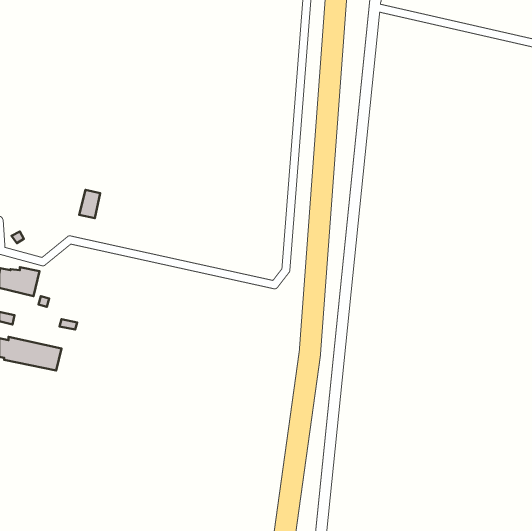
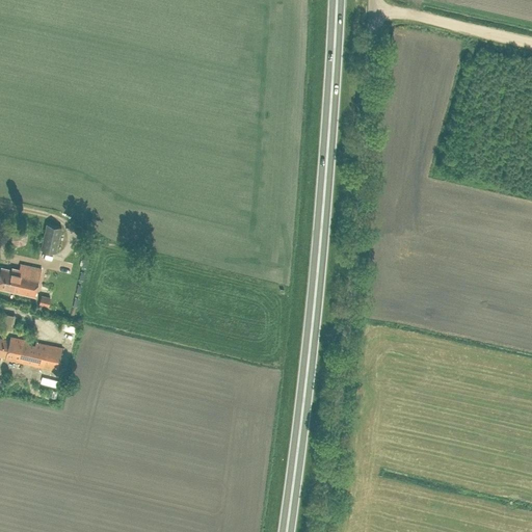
building: [79,190,100,218] -> [38,228,59,256]

